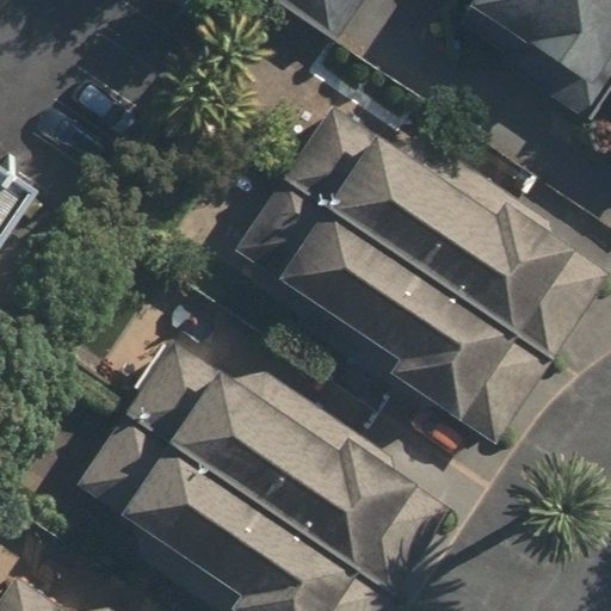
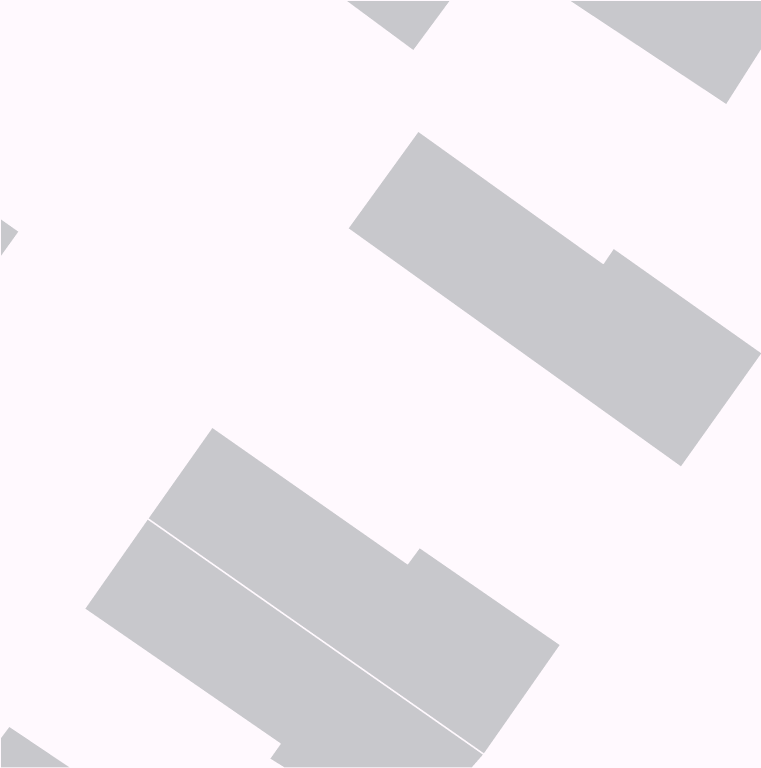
building: [235,181,547,449] -> none

